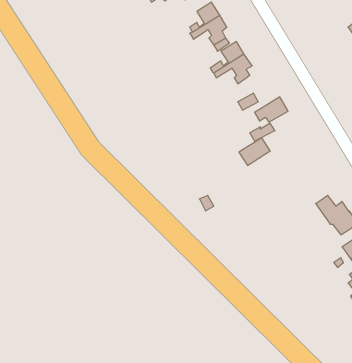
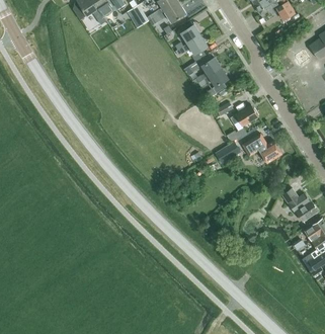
building: none -> [242,133,281,163]

